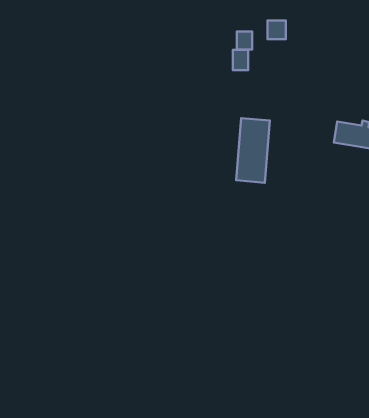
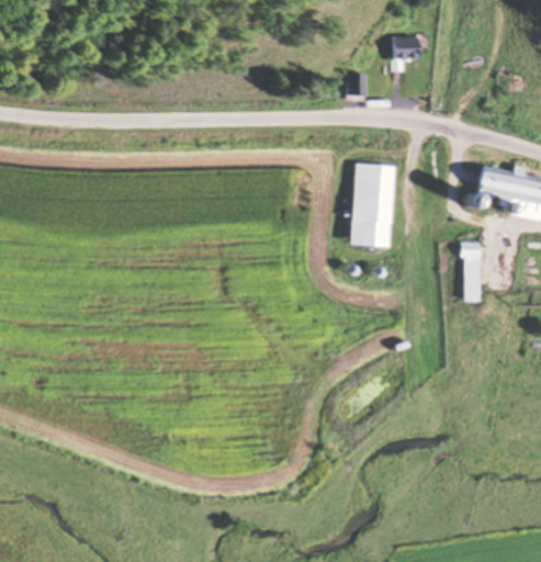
building: [237,32,252,49] -> none
building: none -> [464,243,481,302]

